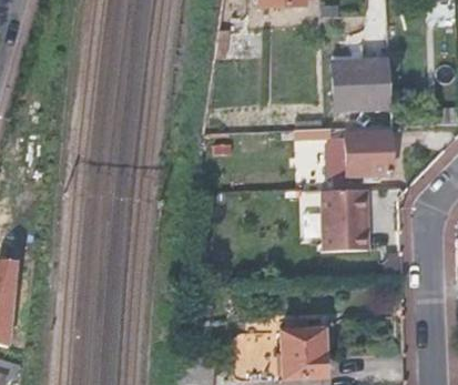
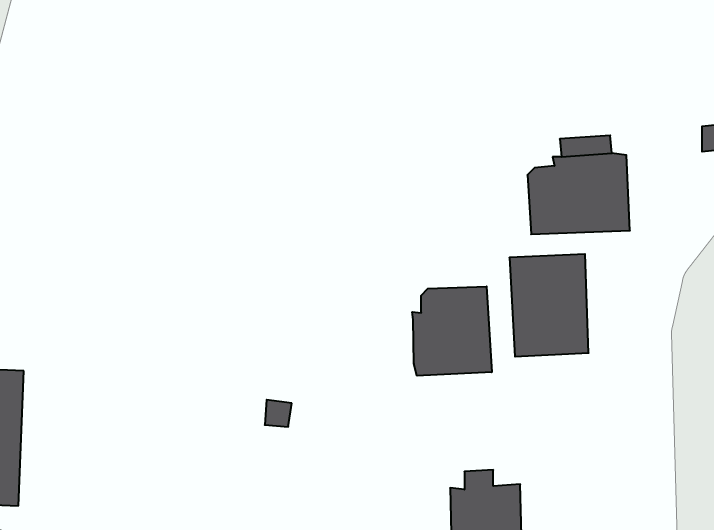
building: [333,61,391,110] -> none
building: none -> [412,286,492,376]

